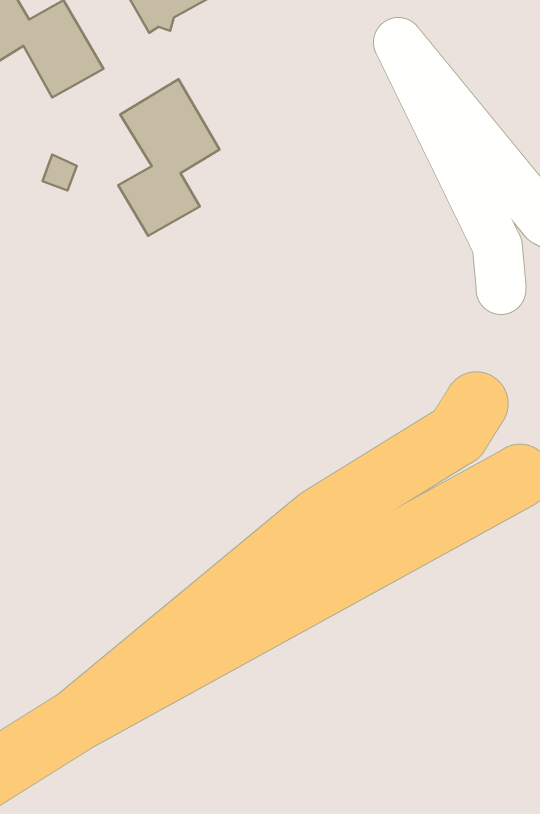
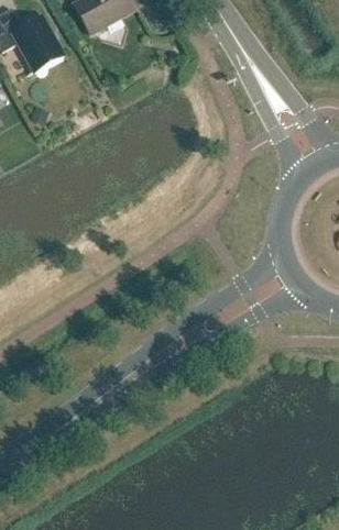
building: [118,79,220,236] -> none

